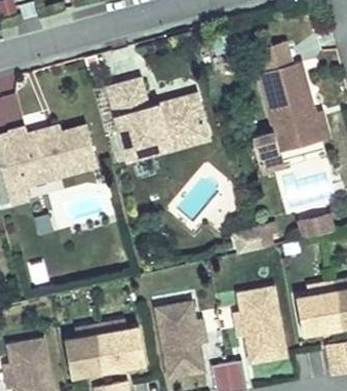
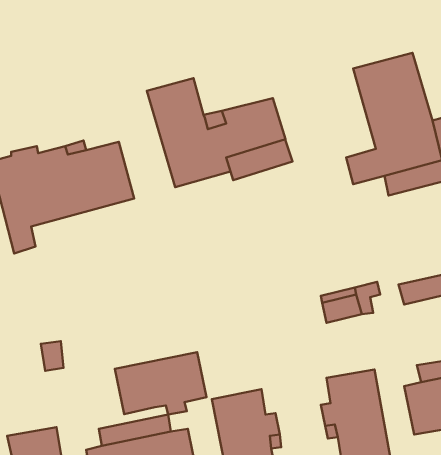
building: none -> [115,352,207,415]

